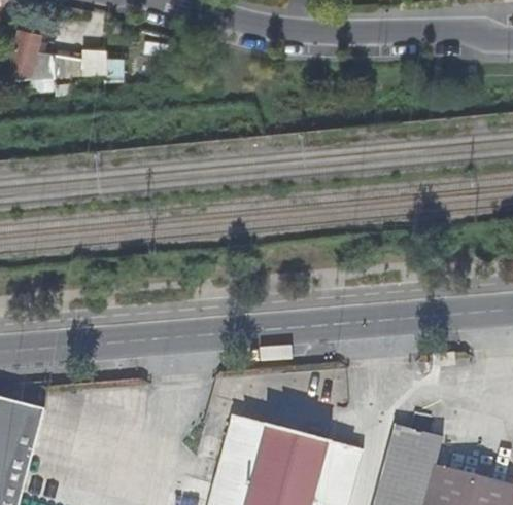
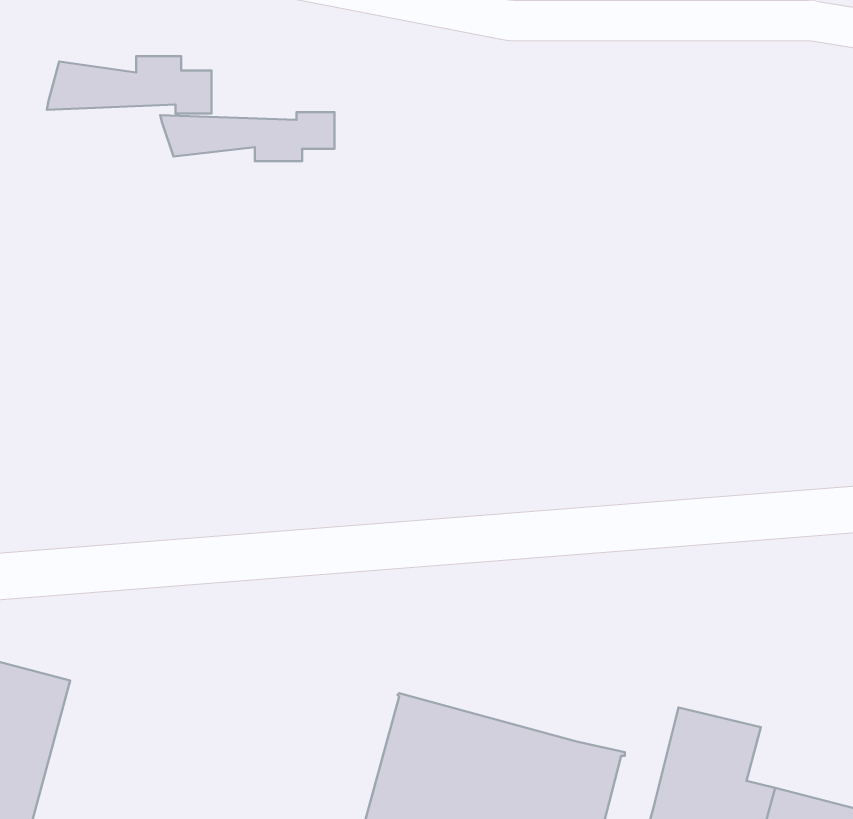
building: [7,29,41,77] -> none
building: none -> [160,112,334,161]

